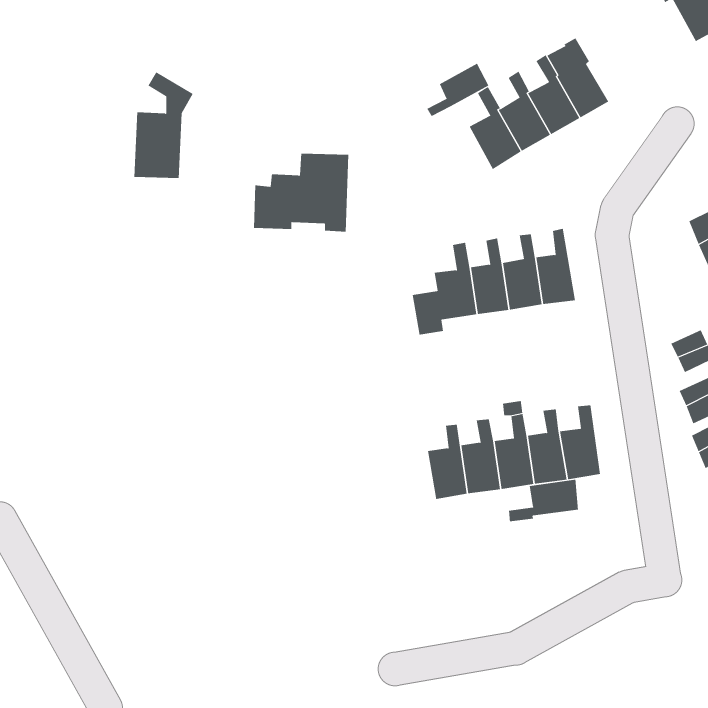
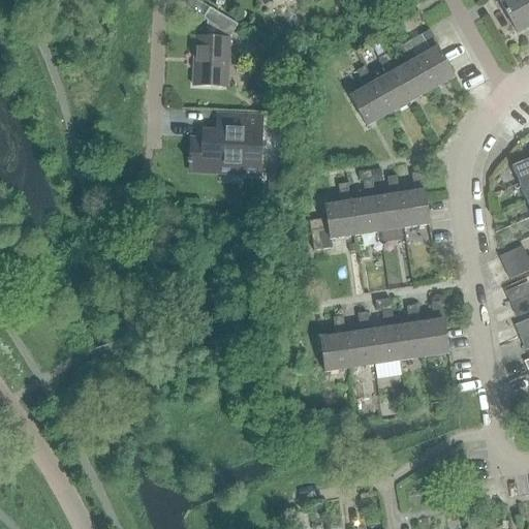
building: [427,63,489,117] -> none
building: [134,71,193,179] -> [193,5,238,85]
building: [508,479,579,522] -> none

